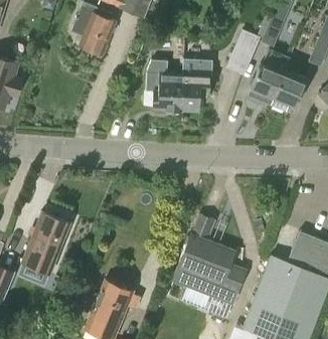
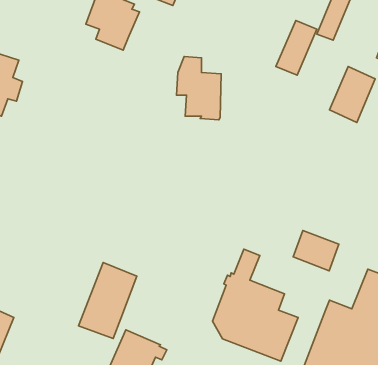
building: [250,49,290,103] -> none
building: [182,67,211,110] -> none
building: none -> [293,230,339,271]
building: [22,212,69,274] -> [78,263,137,338]

